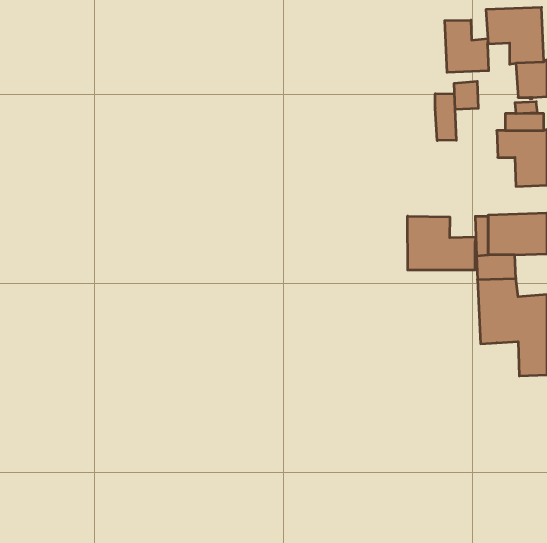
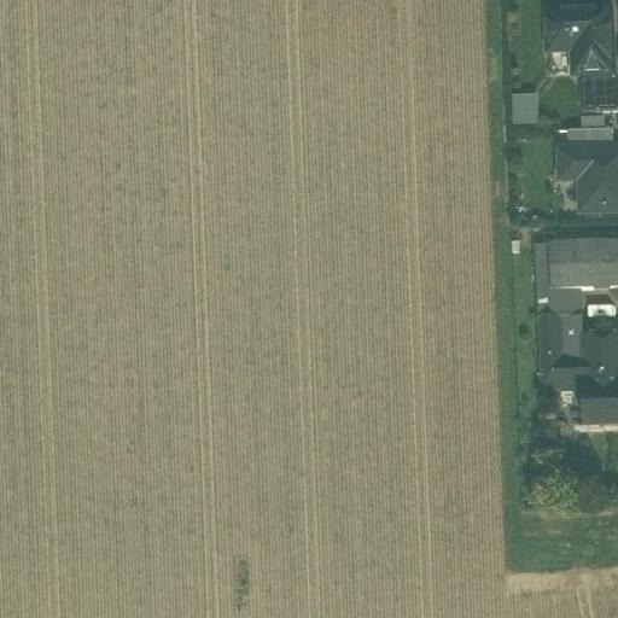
building: [445,20,489,72] -> none
building: [435,94,456,141] -> none
building: [408,216,476,270] -> none

